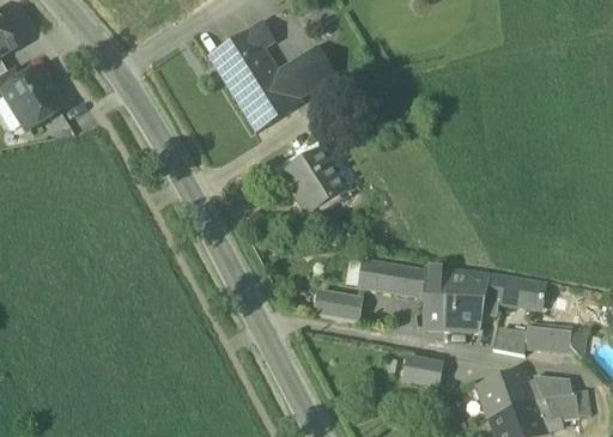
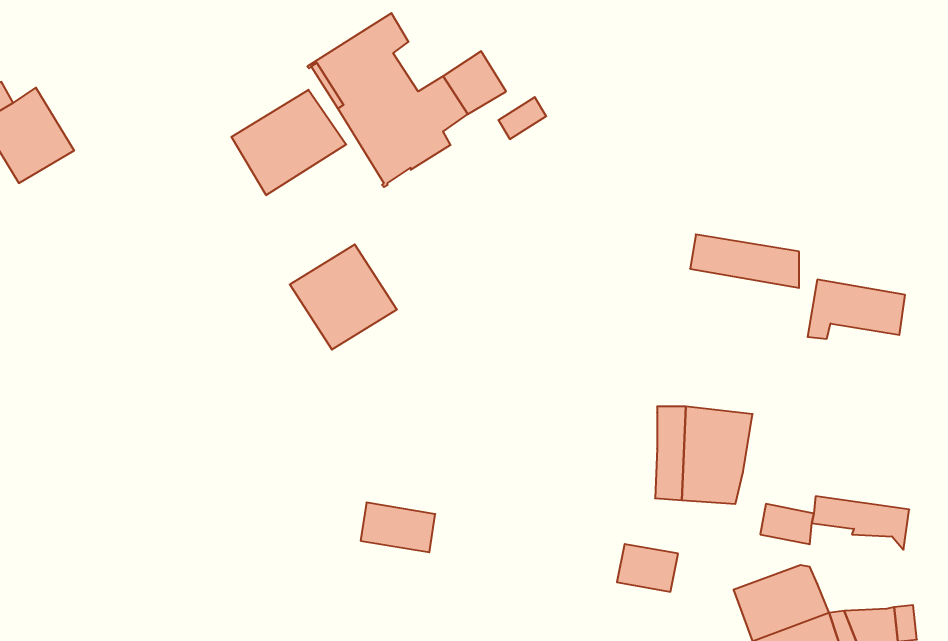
building: none -> [231,90,346,195]
building: [280,145,347,211] -> [290,244,397,350]
building: [358,260,426,293] -> [690,234,799,288]
building: [480,272,541,309] -> [808,280,905,339]
building: [314,287,360,318] -> [361,503,435,552]
building: [527,375,570,396] -> none

